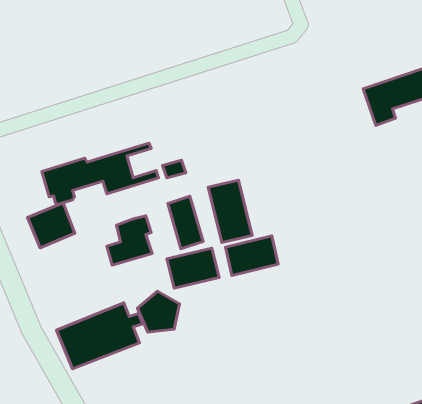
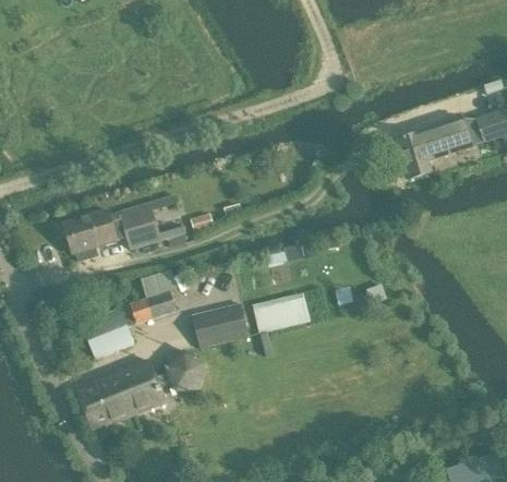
building: [208,180,252,243] -> none
building: [168,196,203,249] -> none
building: [27,203,75,248] -> [83,311,132,358]

